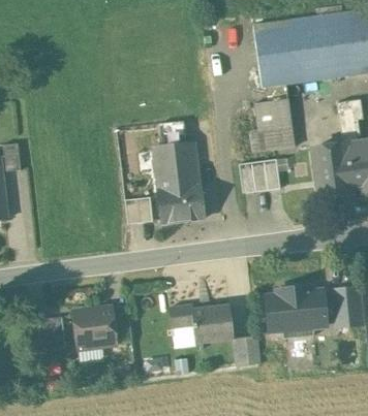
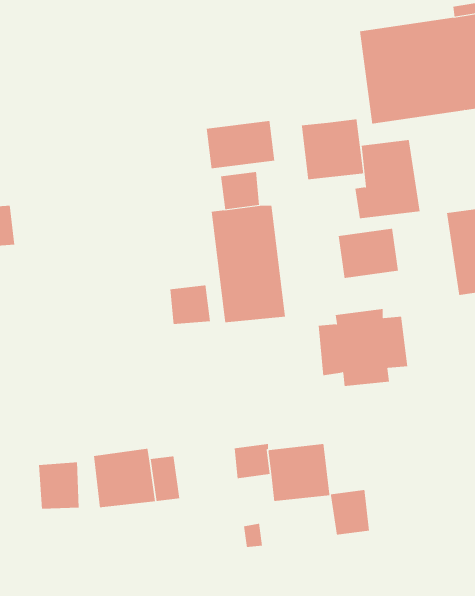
building: none -> [301,118,364,180]
building: none -> [206,120,275,169]
building: [266,285,327,338] -> [318,309,408,387]

